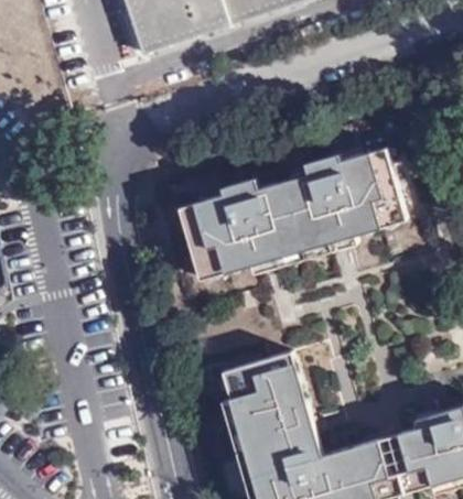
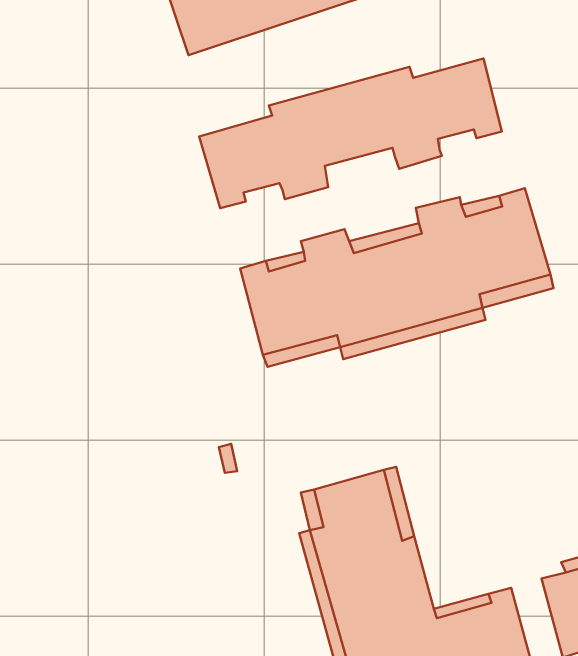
building: none -> [199,58,502,208]

